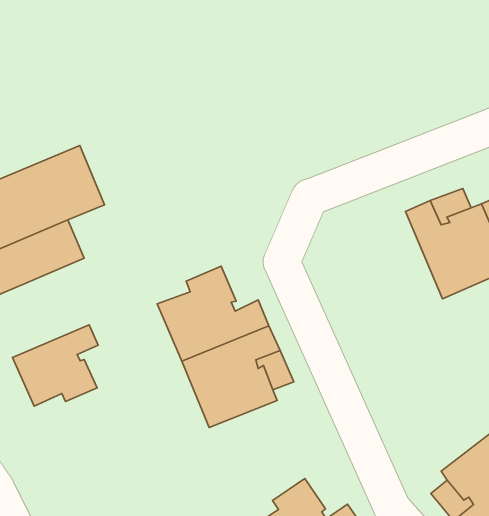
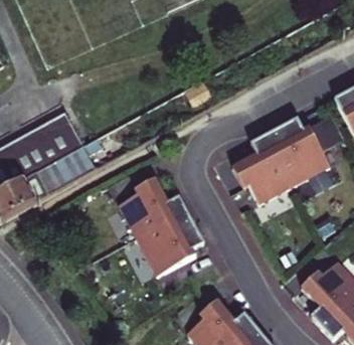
building: none -> [231,135,291,202]
building: [12,325,98,406] -> none

